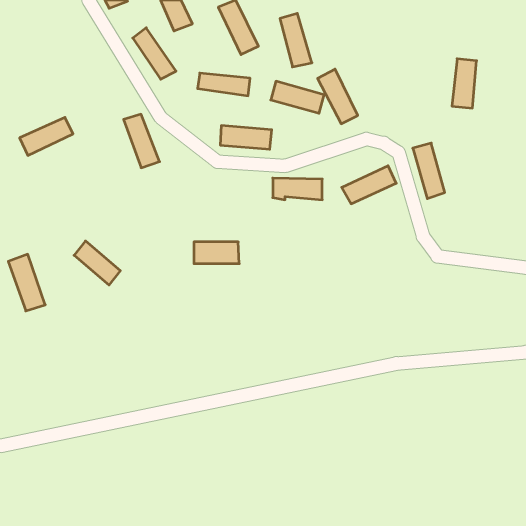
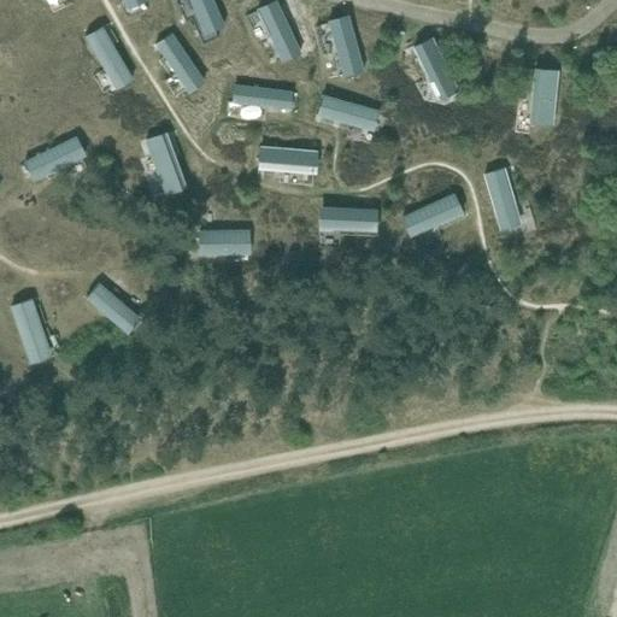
building: none -> [84,27,133,89]
building: [318,69,358,124] -> [412,37,459,101]
building: [194,242,239,264] -> [198,231,251,257]

